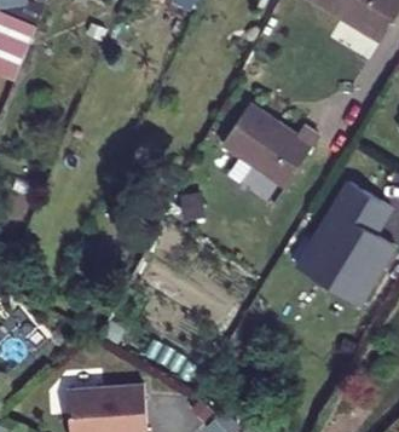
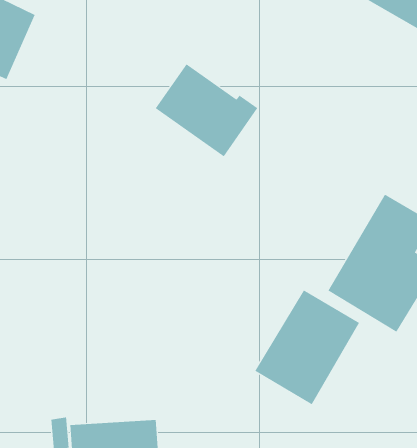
building: [220,100,312,184] -> [155,63,258,157]
building: none -> [255,289,360,405]

